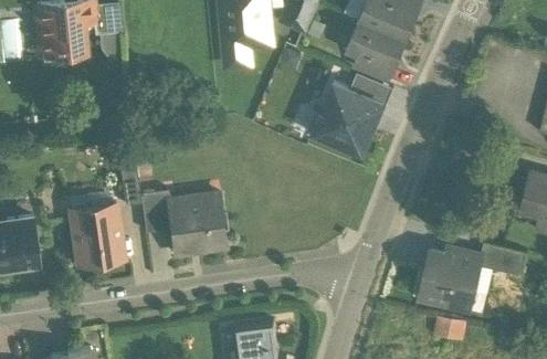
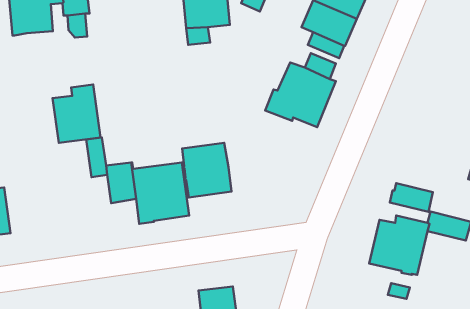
building: none -> [182,143,232,198]
building: [71,203,122,265] -> [53,85,100,143]
building: none -> [390,183,433,212]

